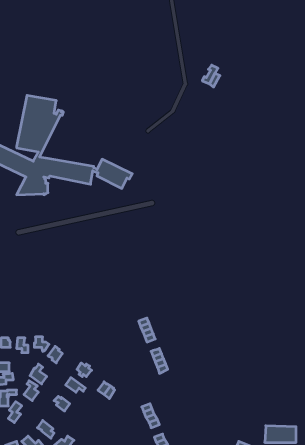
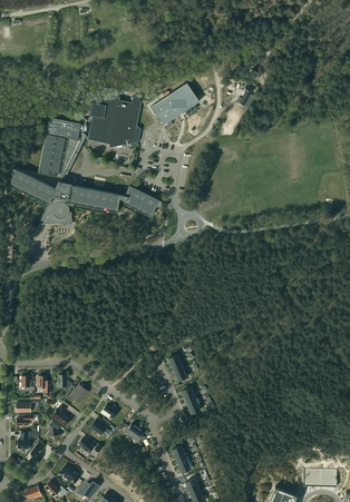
building: none -> [149,85,195,125]
building: none -> [86,96,140,147]

